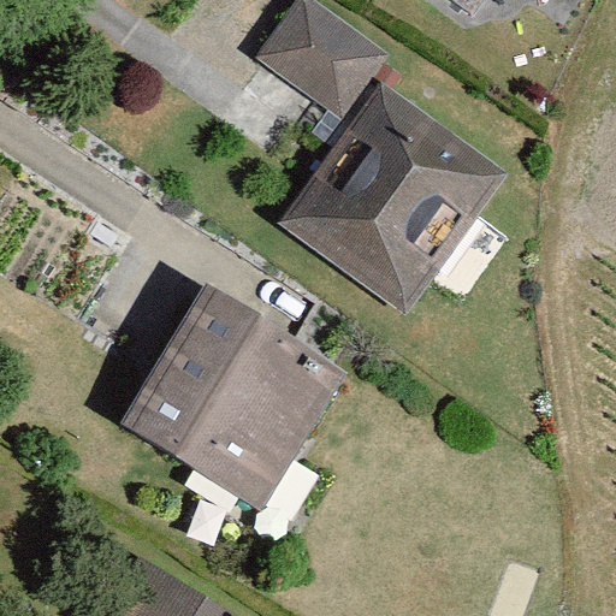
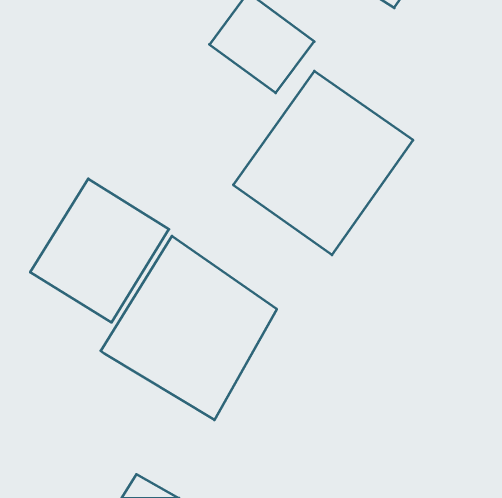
building: none -> [30,179,169,322]

